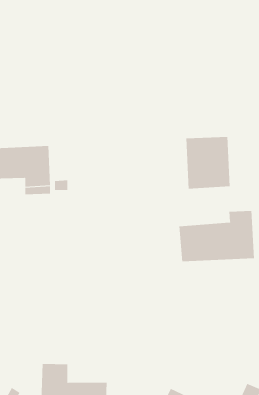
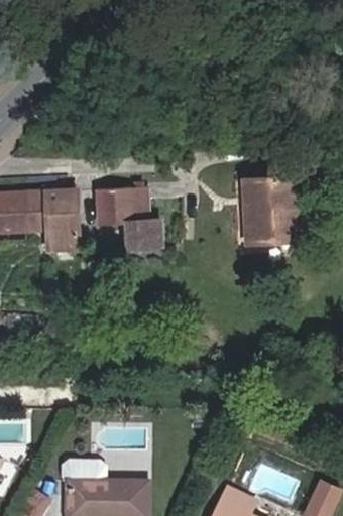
building: none -> [96,187,160,247]
building: [179,210,254,262] -> none

